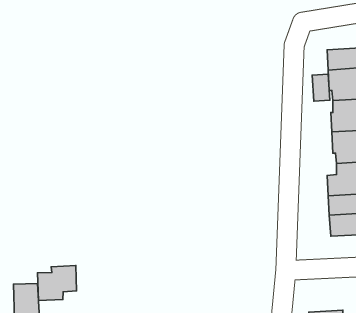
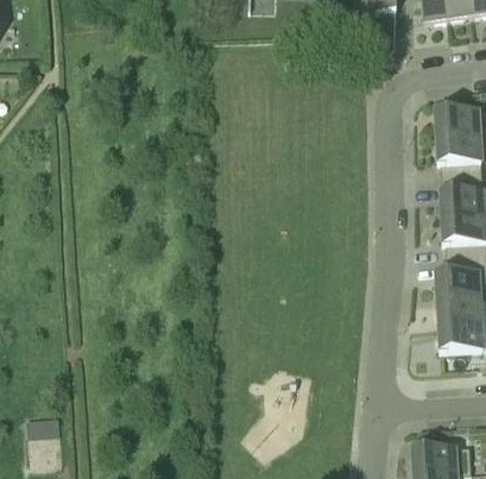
building: [312,74,330,101] -> none
building: [37,266,76,300] -> none

